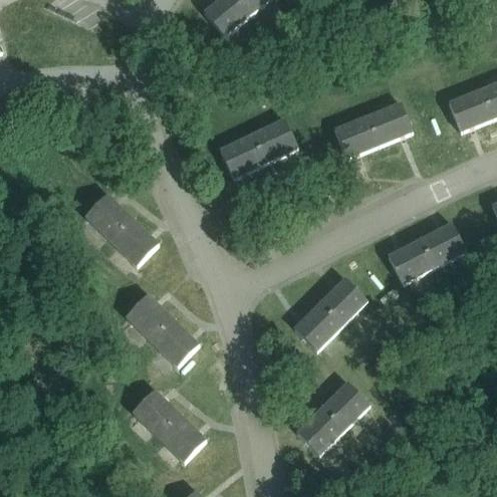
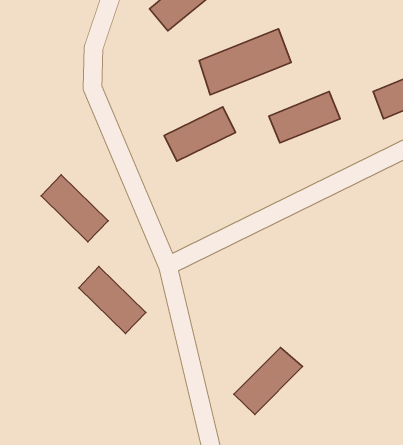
building: none -> [199,29,291,95]
building: [387,222,465,283] -> none
building: [293,277,366,350] -> none
building: [132,389,206,462] -> none

